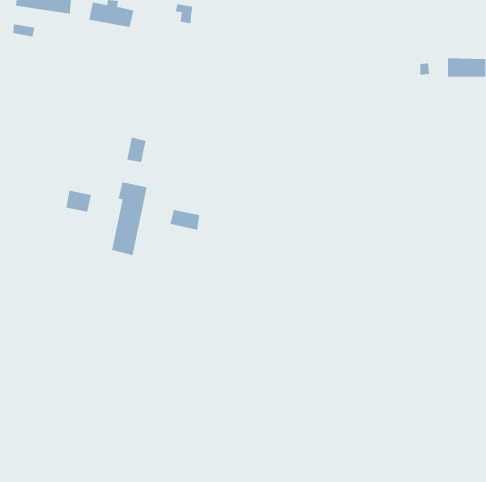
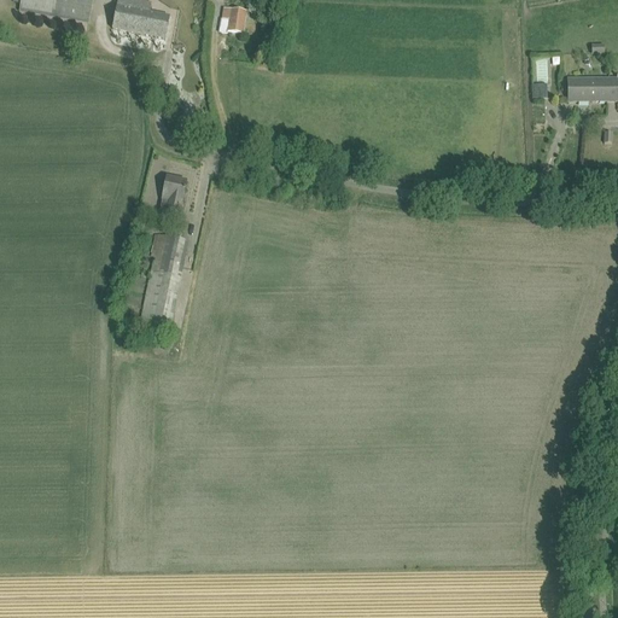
building: [66,190,91,212] -> none
building: [170,209,200,230] -> none

